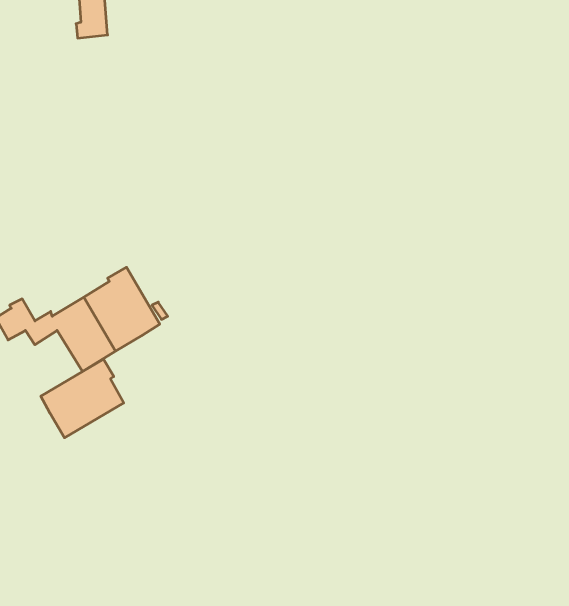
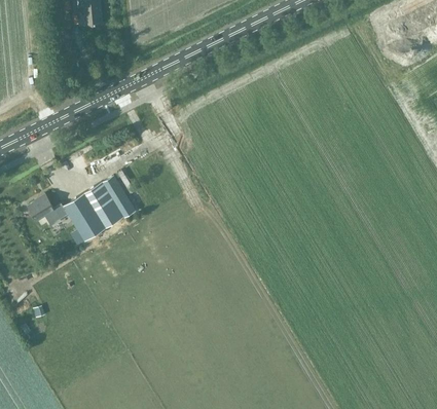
building: [41,359,124,438] -> none

